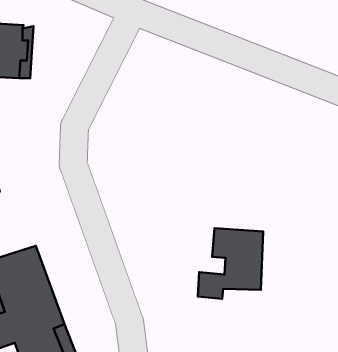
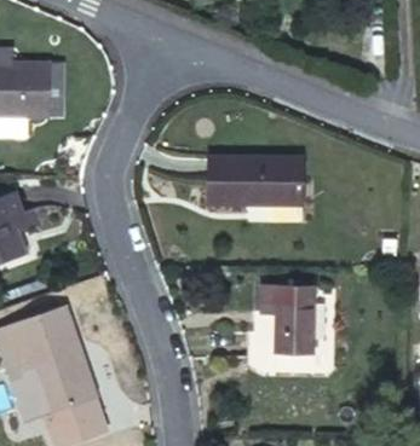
building: none -> [209,157,306,207]

